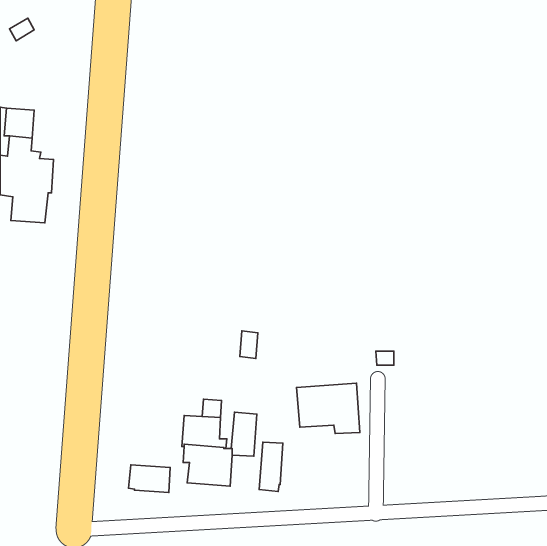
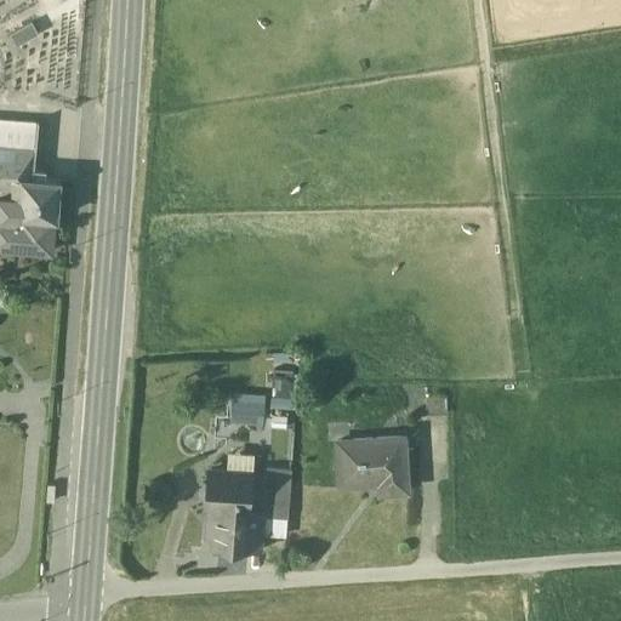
building: none -> [232,395,263,425]
building: [259,442,283,492] -> none
building: [129,465,170,492] -> none

